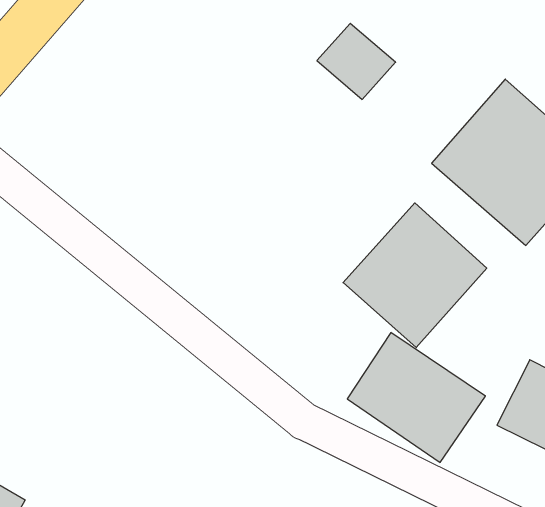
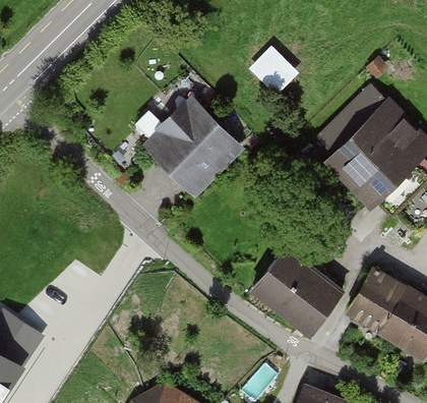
building: none -> [142,89,248,194]
building: [343,203,487,348] -> none

